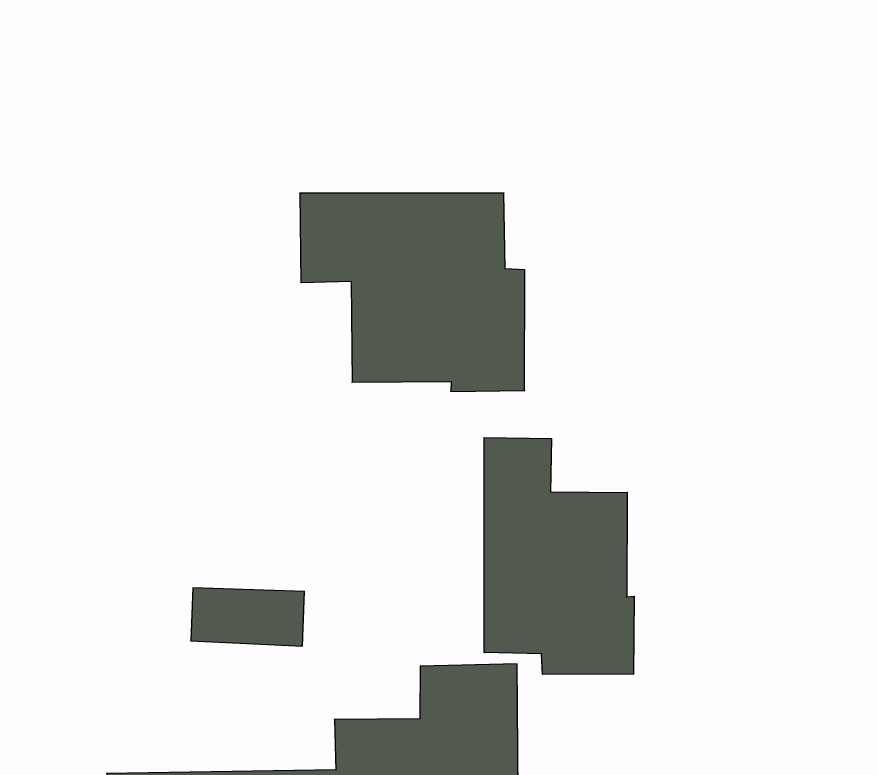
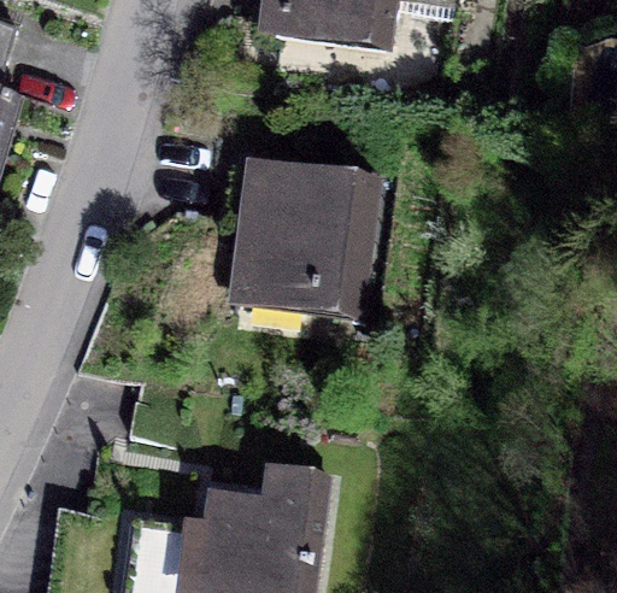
building: [484,438,634,674] -> none

